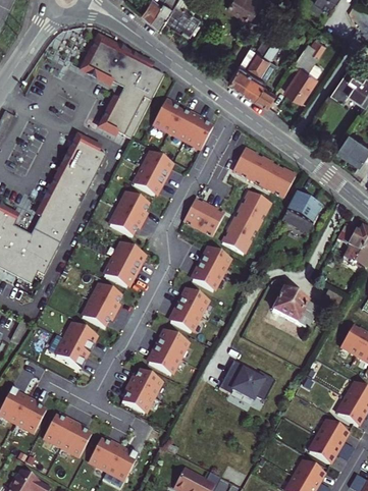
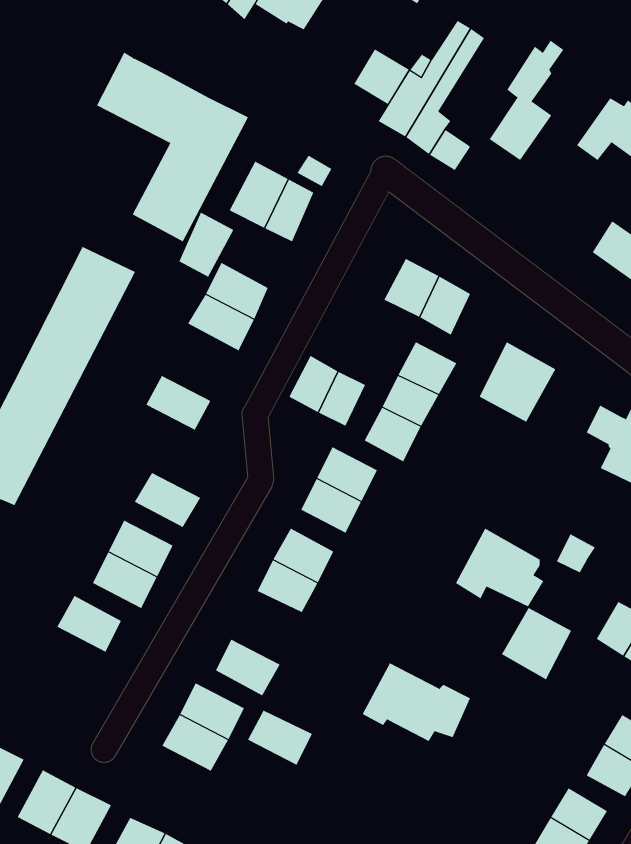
building: none -> [354,48,409,105]
building: [186,115,214,149] -> [179,212,234,277]
building: [267,167,295,197] -> none
building: [118,193,152,222] -> none
building: [113,242,147,272] -> none
building: none -> [501,607,572,680]
building: [154,329,188,358] -> [247,710,313,766]
building: [56,338,90,368] -> none

